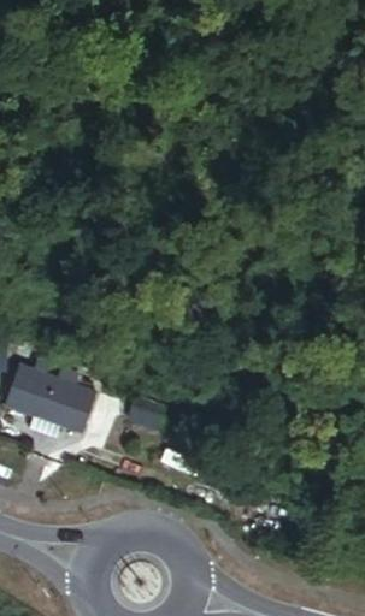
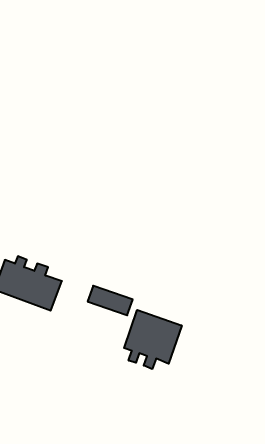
building: none -> [124,310,182,369]

